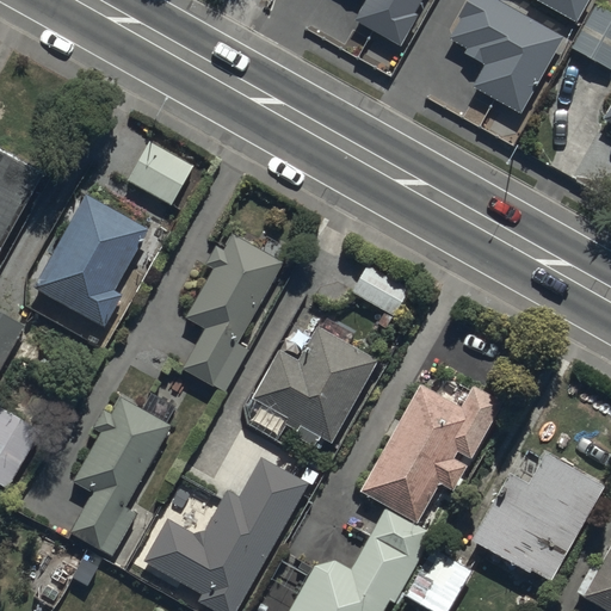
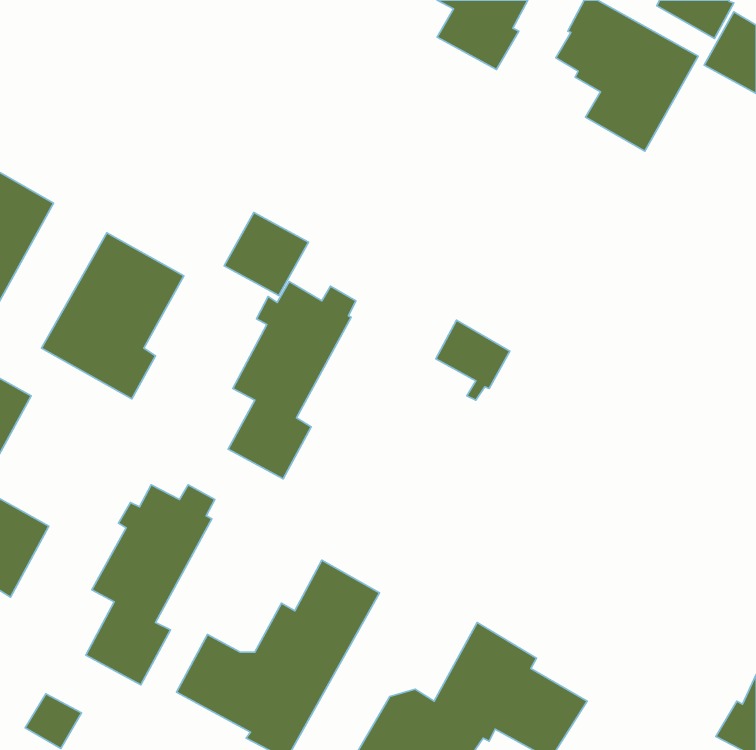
building: [128,146,196,212] -> [224,212,309,295]
building: [252,325,377,449] -> none
building: [359,382,501,521] -> none
building: [473,450,604,578] -> none

